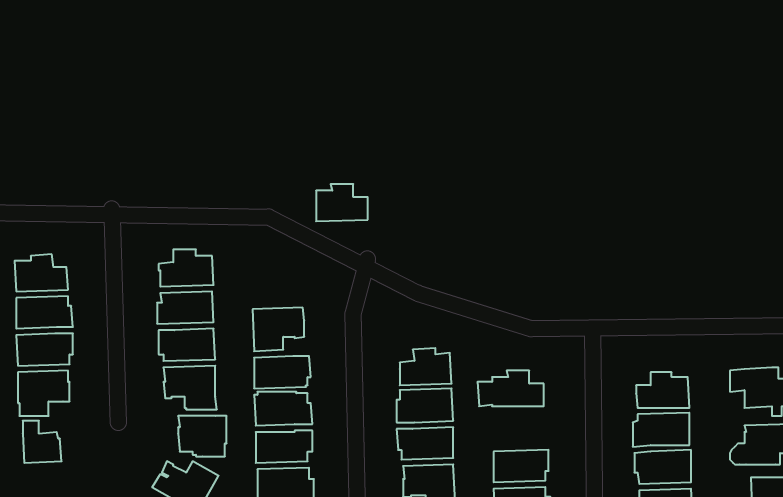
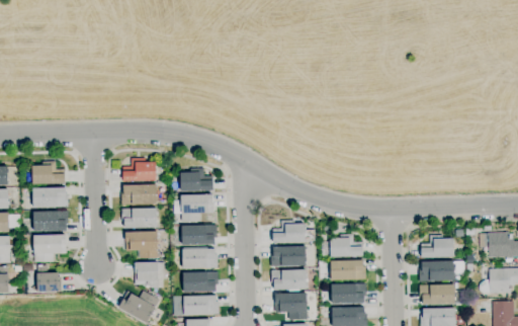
building: [316,184,368,221] -> [181,168,213,191]
building: none -> [331,260,366,280]

